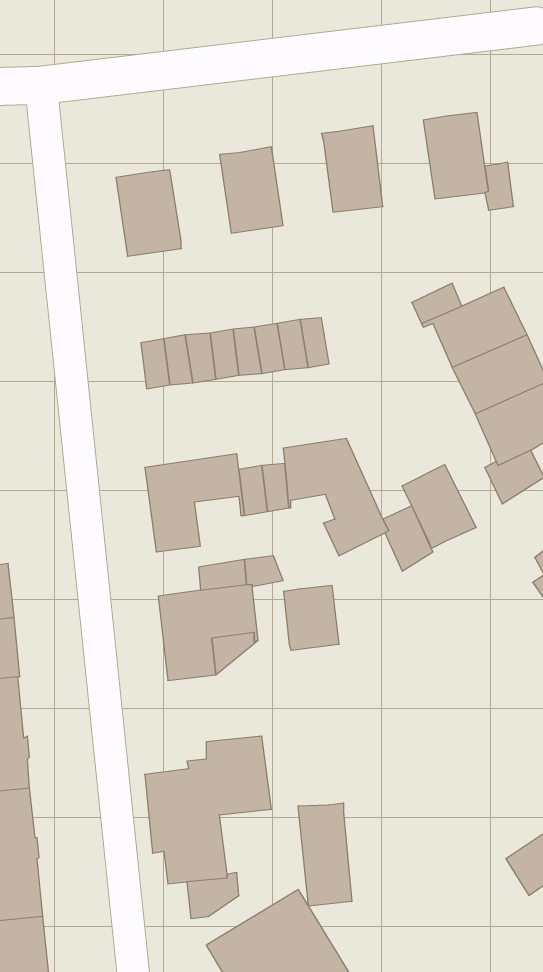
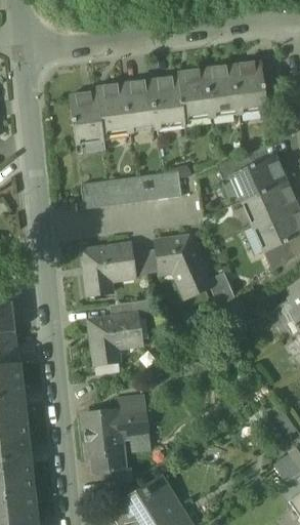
building: none -> [204,66,237,112]
building: none -> [149,77,182,122]
building: none -> [95,84,128,130]
building: [402,464,476,549] -> none
building: [284,585,339,650] -> none
building: [298,803,352,906] -> none

